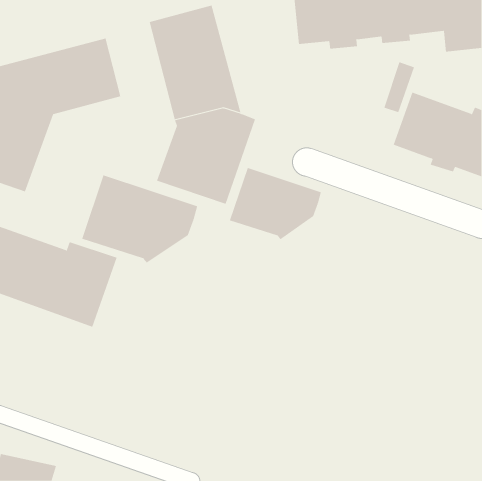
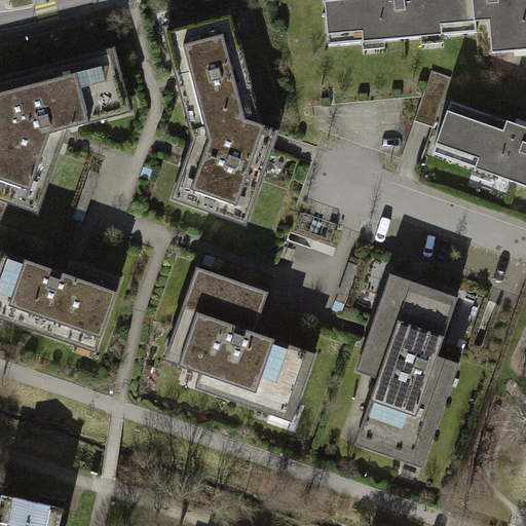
building: [229,167,321,240] -> none
building: [81,175,198,264] -> none
building: none -> [163,265,320,423]
building: none -> [355,273,458,462]

